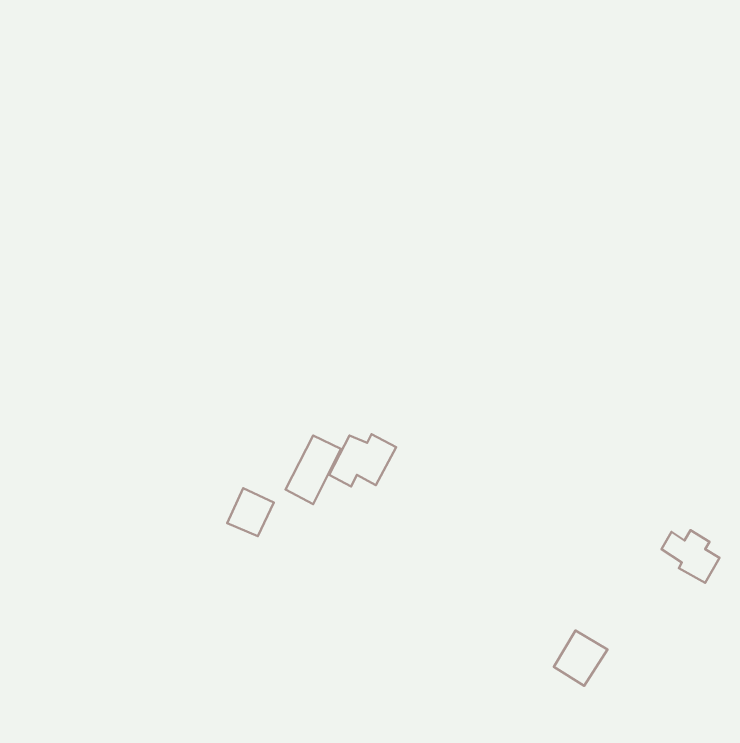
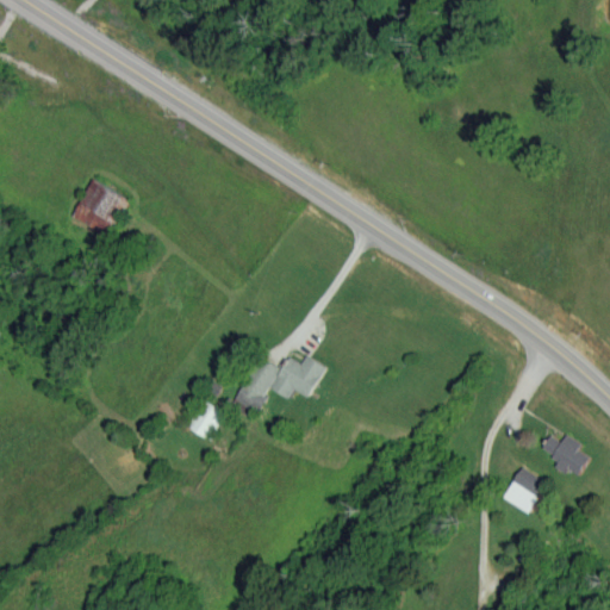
building: none -> [70,180,127,238]
building: [554,631,608,686] -> [502,468,546,513]

